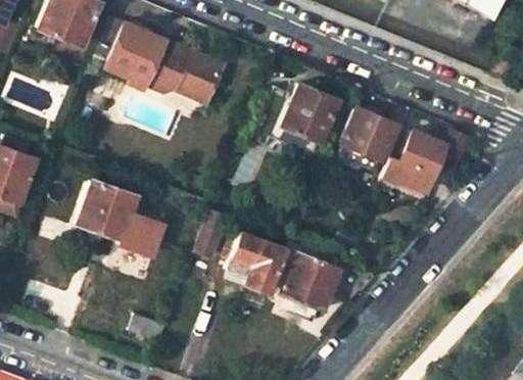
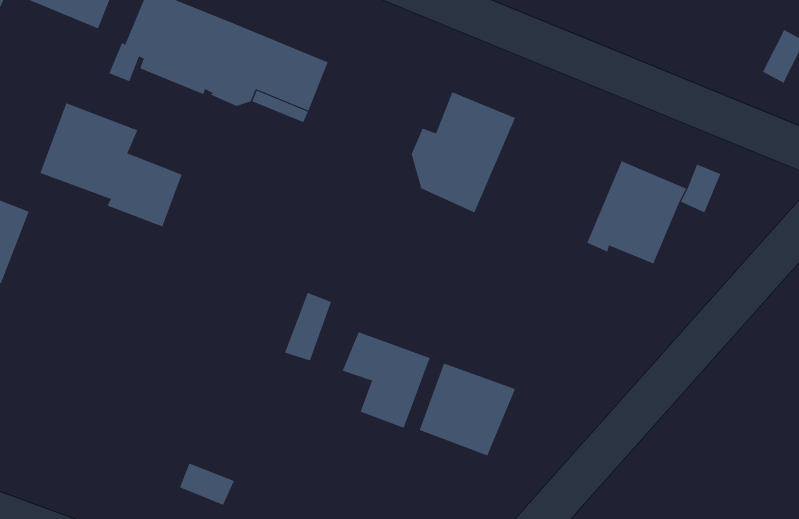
building: [339,107,398,173] -> none
building: [75,179,163,256] -> [40,102,182,227]

